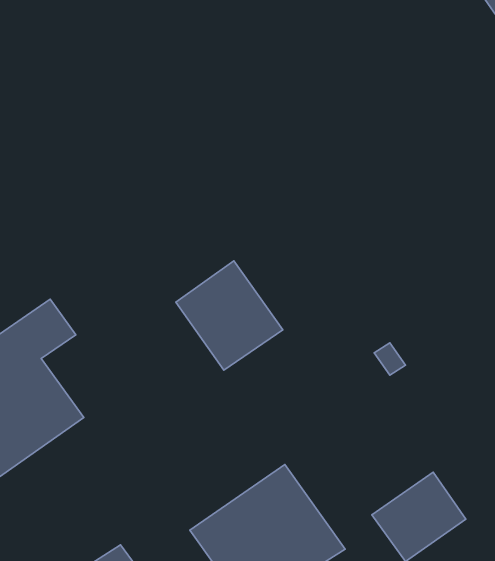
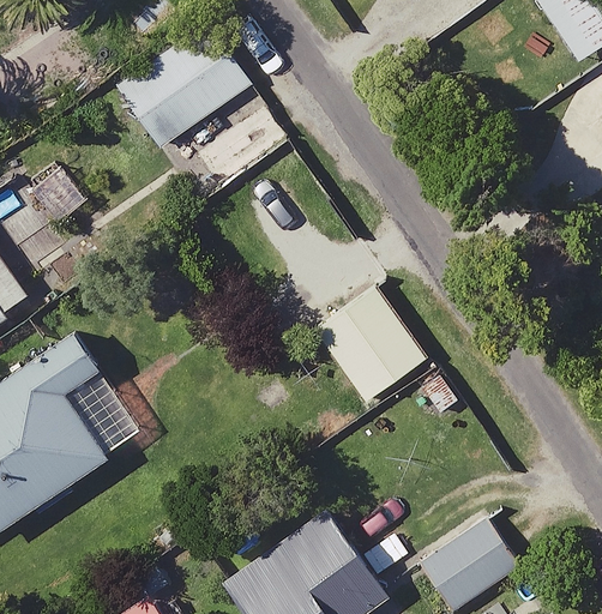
building: none -> [119,28,249,149]
building: [176,261,283,370] -> [314,287,429,404]

